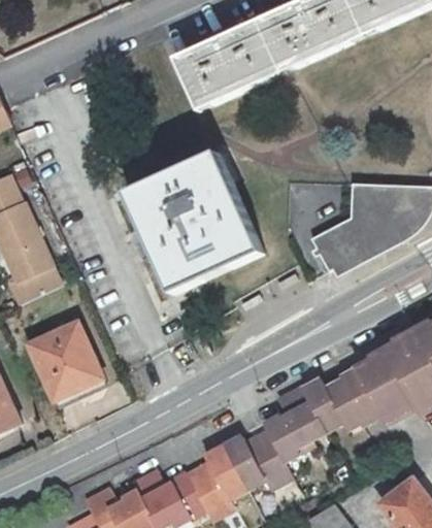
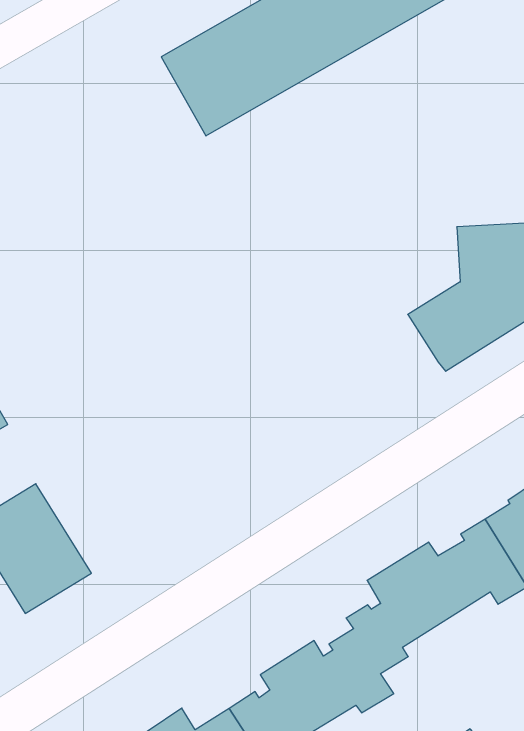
building: [127,154,263,296] -> none

